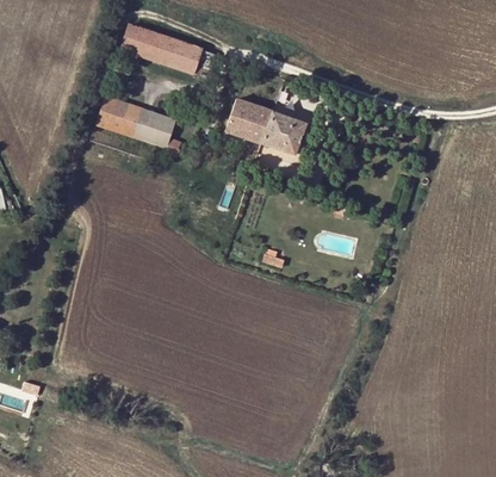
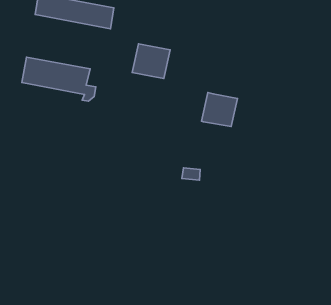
building: [259,110,304,153] -> [201,92,238,126]

